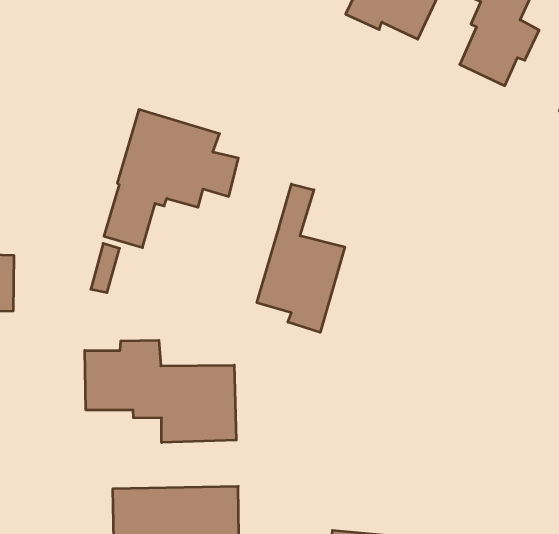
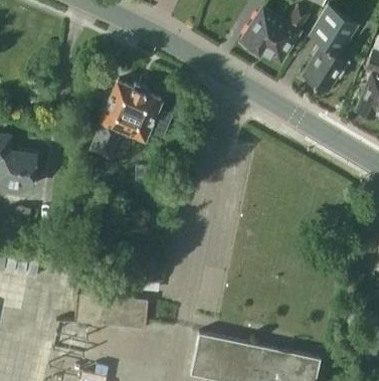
building: [257,184,345,332] -> none
building: [85,340,236,443] -> none

